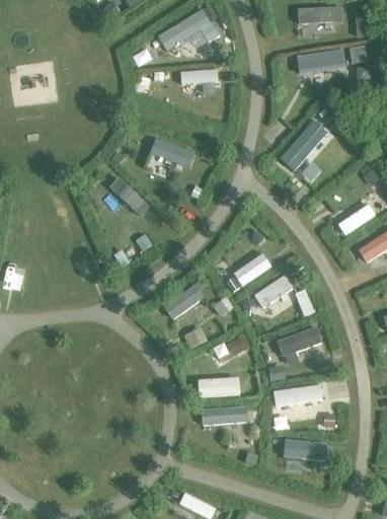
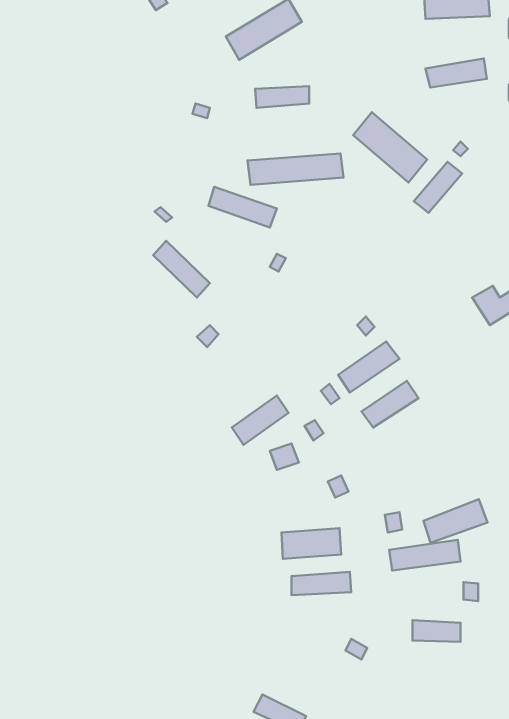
building: none -> [353,112,427,183]
building: none -> [247,153,343,185]
building: [277,326,321,357] -> [423,499,487,543]

